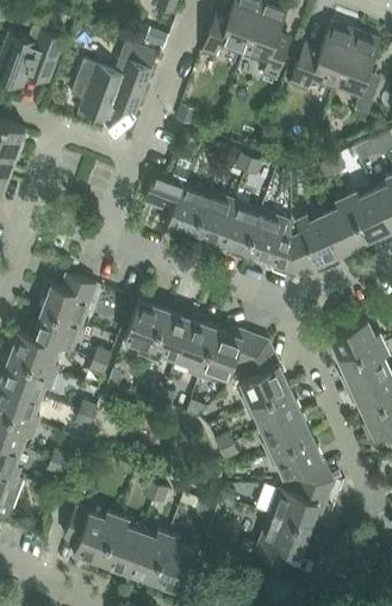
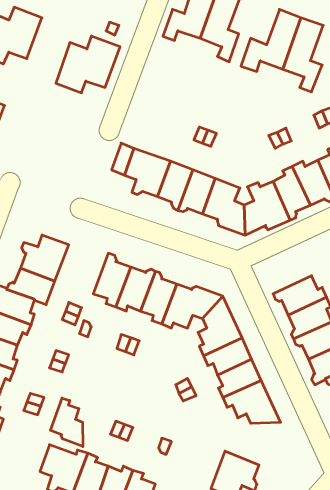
building: none -> [50,398,83,447]
building: [270,482,332,530] -> none

